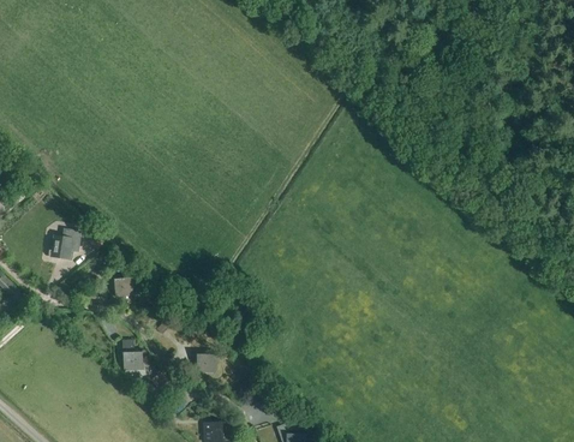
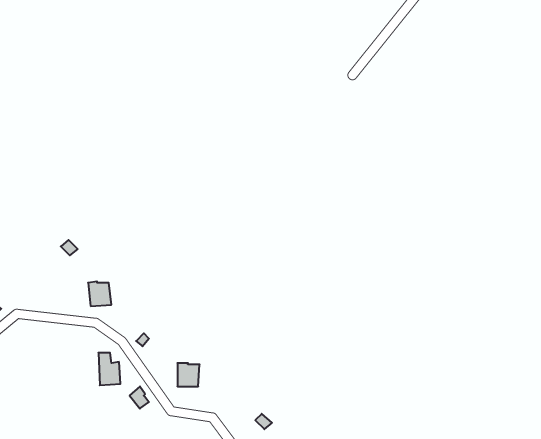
building: [48,228,80,259] -> none

